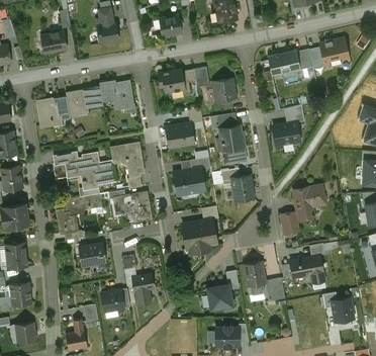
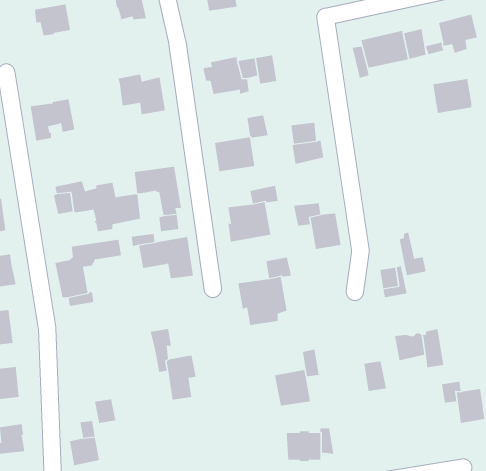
building: [212,78,237,101] -> none
building: [66,87,103,118] -> none
building: [273,122,300,147] -> [433,78,472,113]
building: [217,138,246,164] -> none
building: [300,186,325,207] -> none
building: [79,244,105,267] -> none
building: [243,262,266,295] -> none
building: [101,290,125,320] -> none

